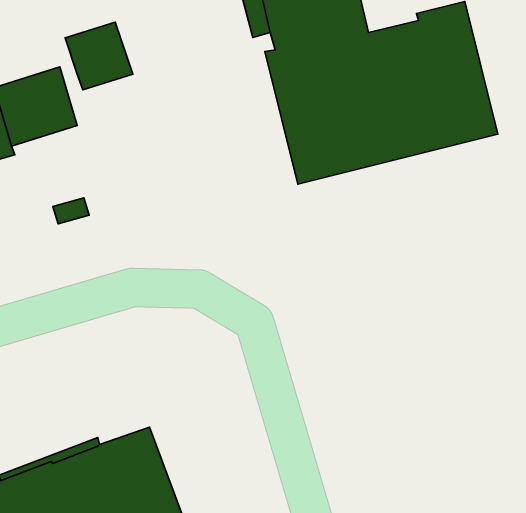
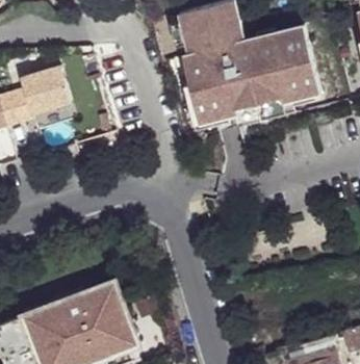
building: [65,22,133,90] -> none

